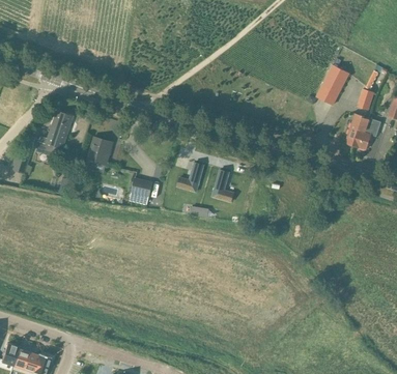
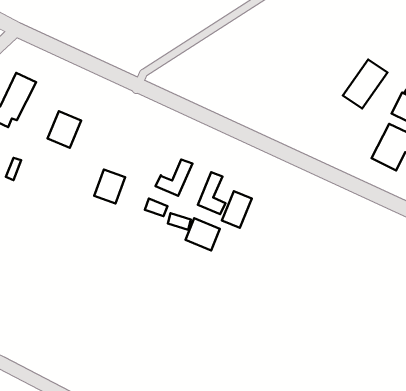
building: none -> [222,191,252,228]
building: none -> [185,218,220,250]

